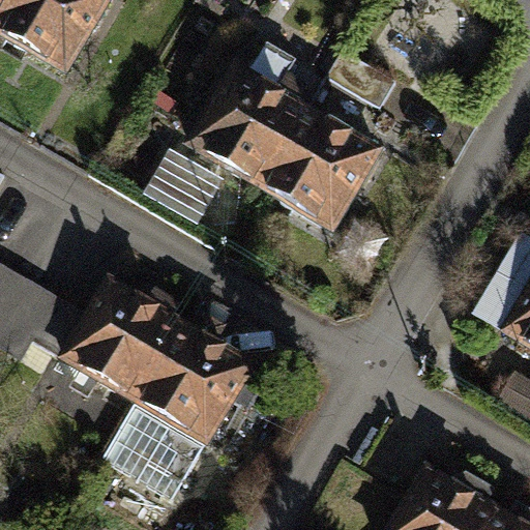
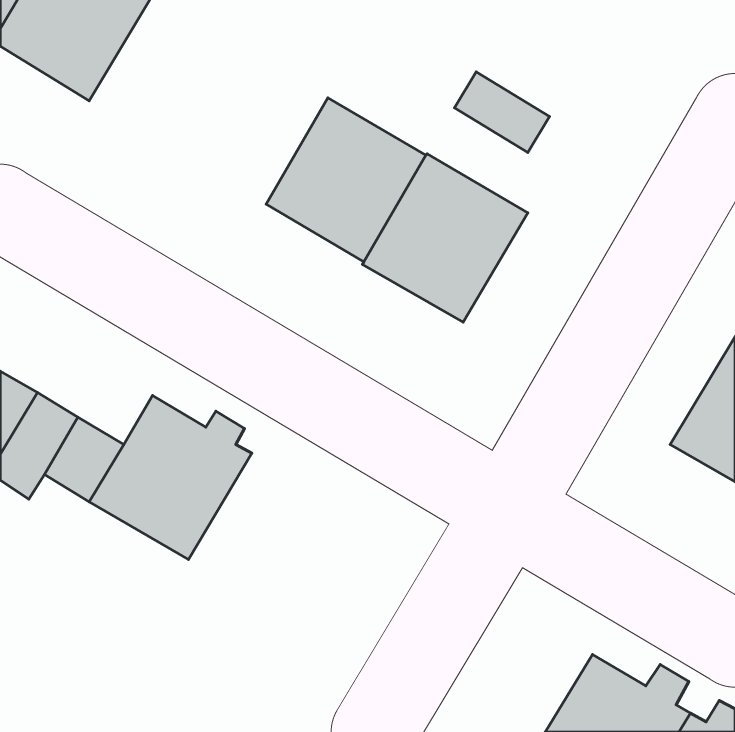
building: [104,315,252,500] -> none

